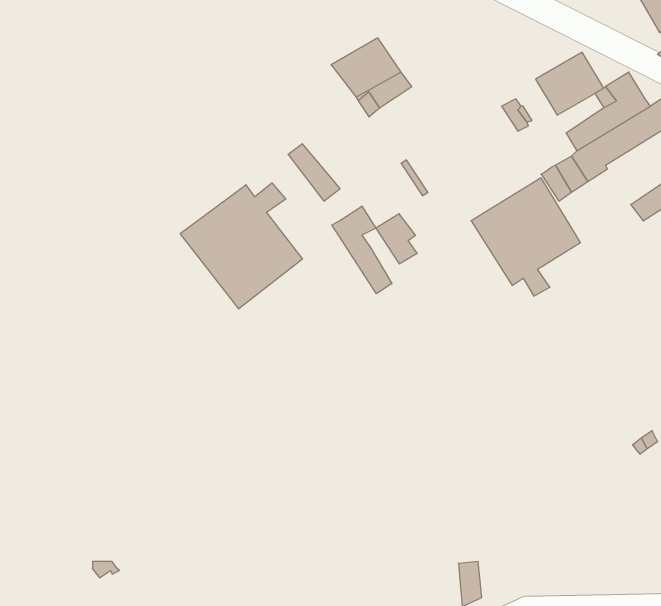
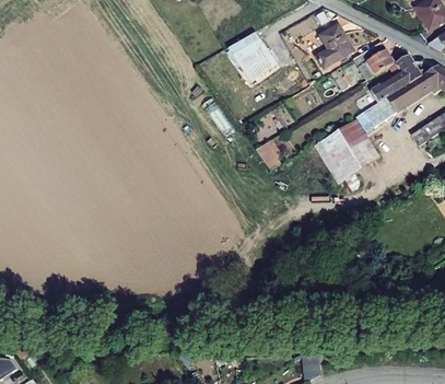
building: none -> [316,24,351,68]
building: [180,183,302,309] -> none
building: [332,206,392,294] -> none

